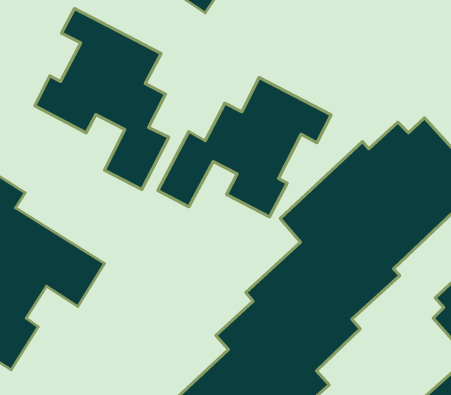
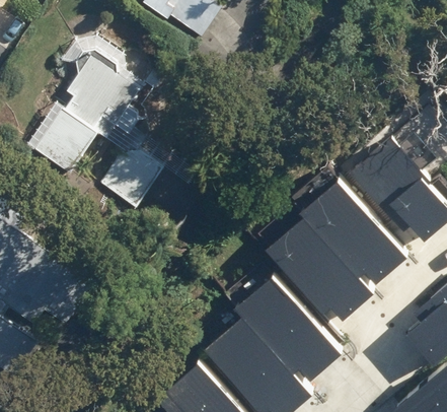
building: [158,77,331,217] -> none

